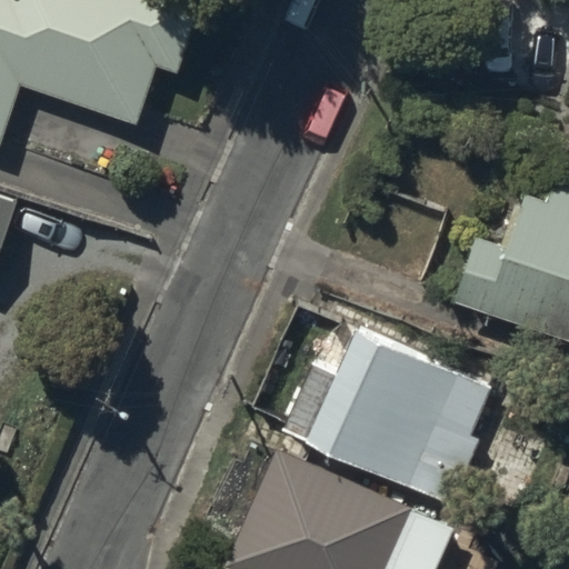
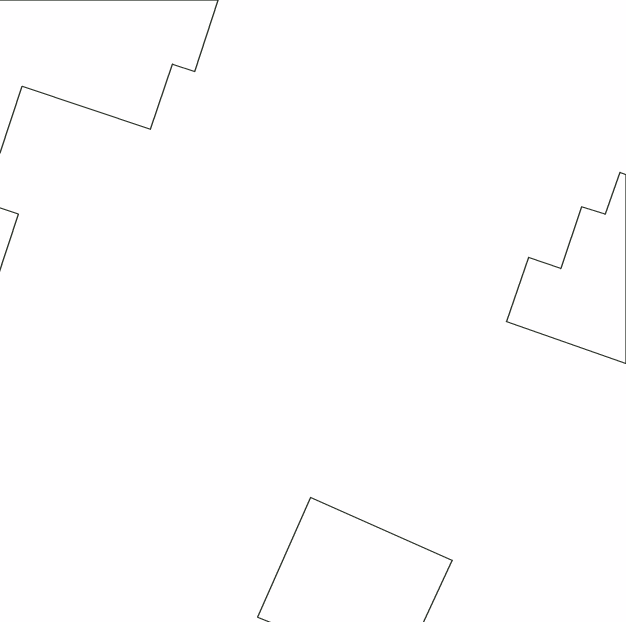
building: [288,331,482,496] -> none

